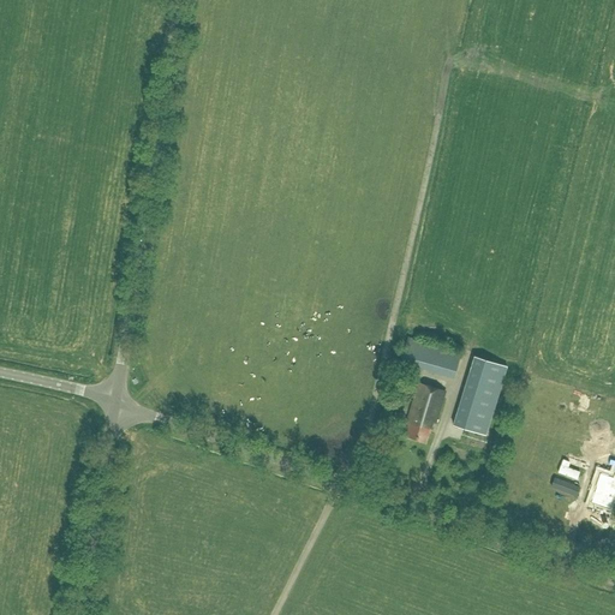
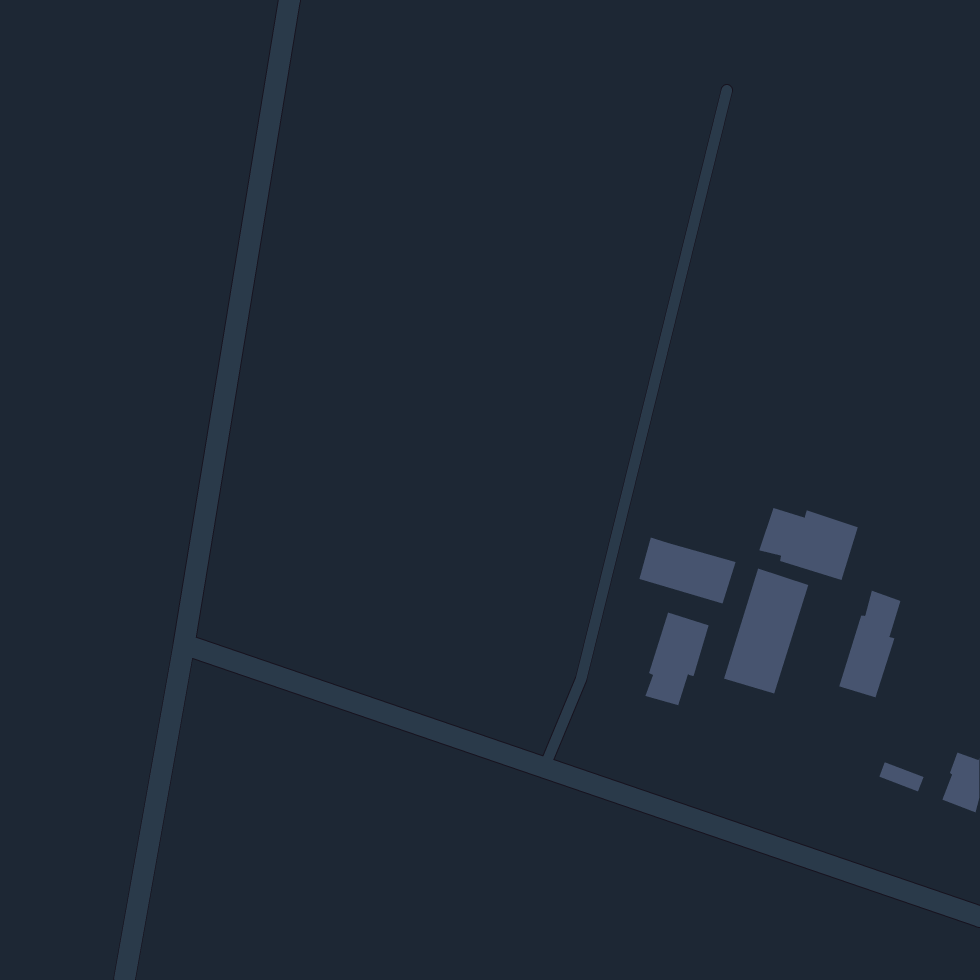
building: none -> [758,507,858,581]
building: none -> [839,590,901,698]

